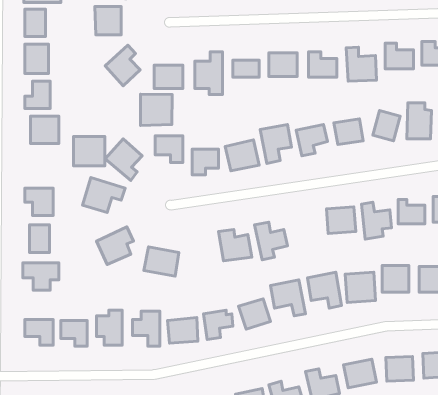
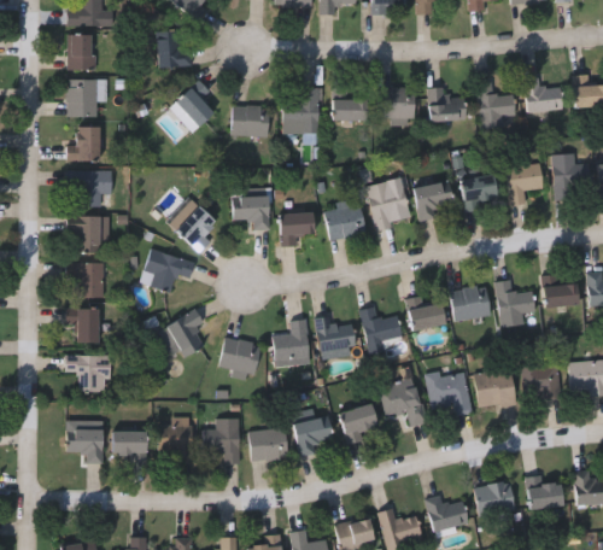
building: [140,94,172,125] -> none
building: [73,136,105,166] -> [69,215,109,252]
building: none -> [409,297,443,328]
building: none -> [275,320,308,359]

